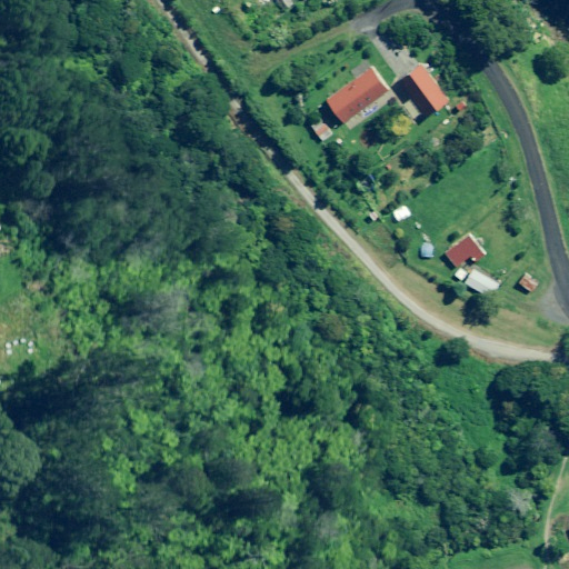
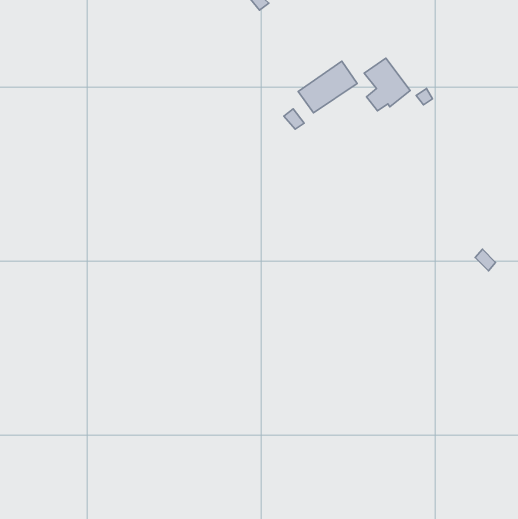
building: [445,233,486,267] -> none
building: [465,269,496,297] -> none

